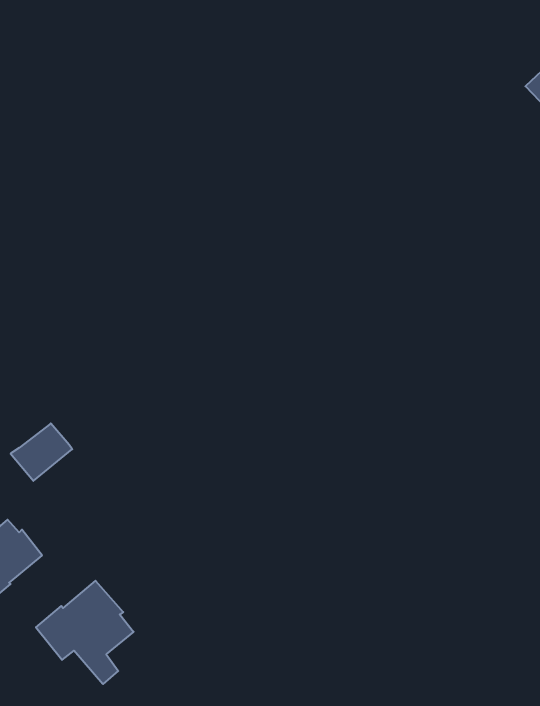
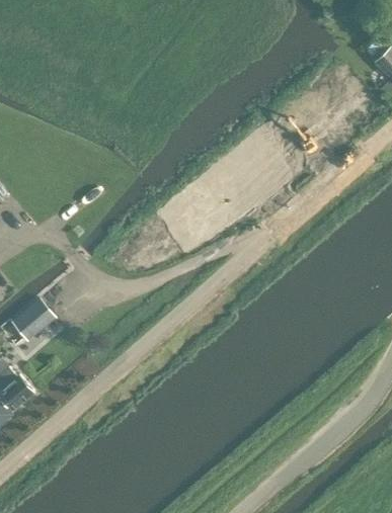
building: [36,581,134,684] -> none

